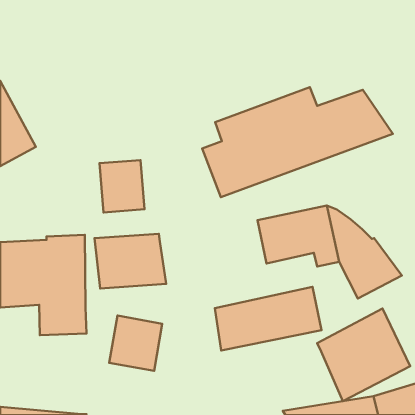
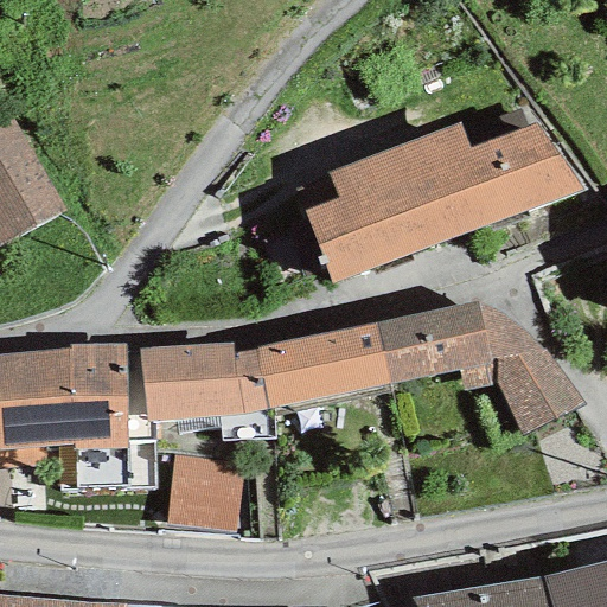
building: [99,160,145,212] -> none
building: [215,287,322,351] -> [235,320,390,413]
building: [317,308,410,401] -> none

